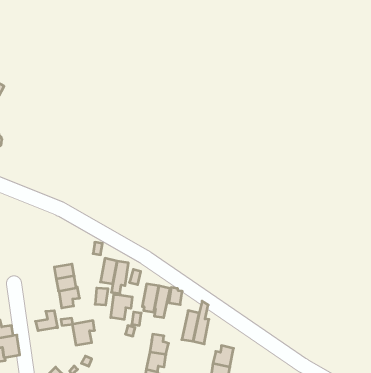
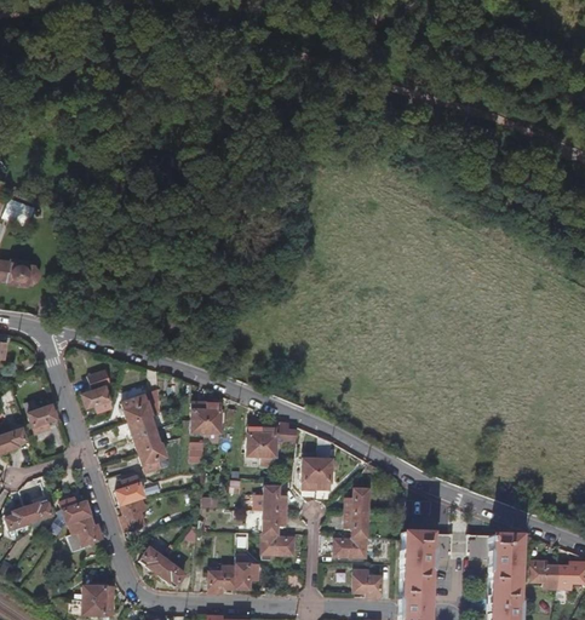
building: none -> [84,368,113,411]
building: none -> [122,390,162,421]
building: [111,294,132,319] -> none
building: [72,321,95,345] -> [117,496,147,530]

